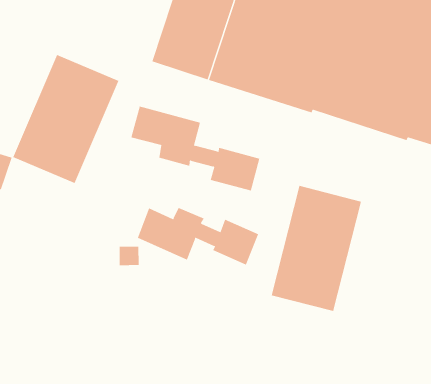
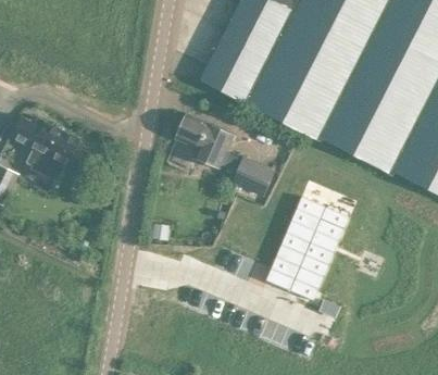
building: [13,54,119,184] -> none
building: [137,207,259,265] -> none

